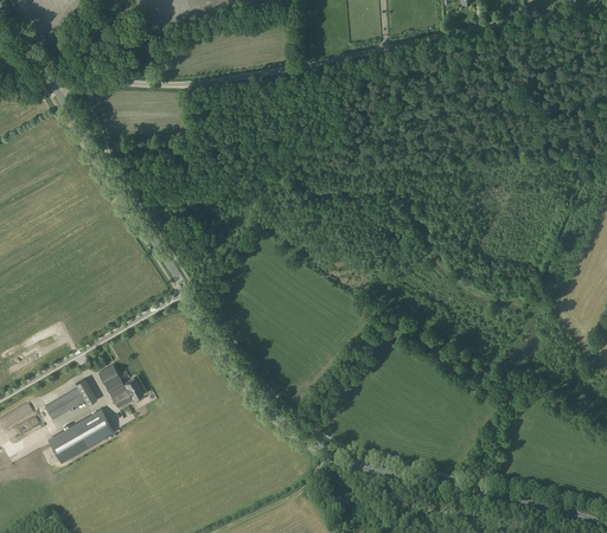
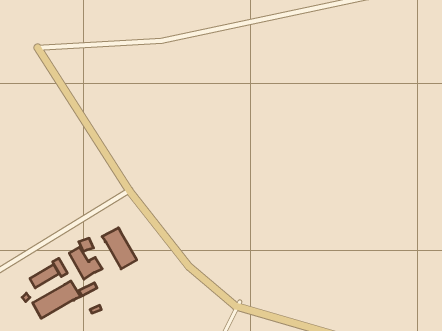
building: none -> [102,228,137,269]

